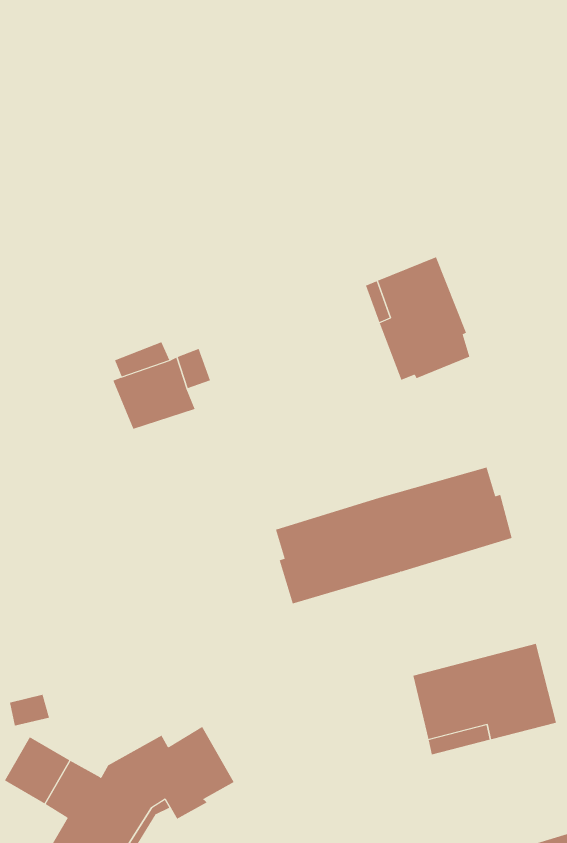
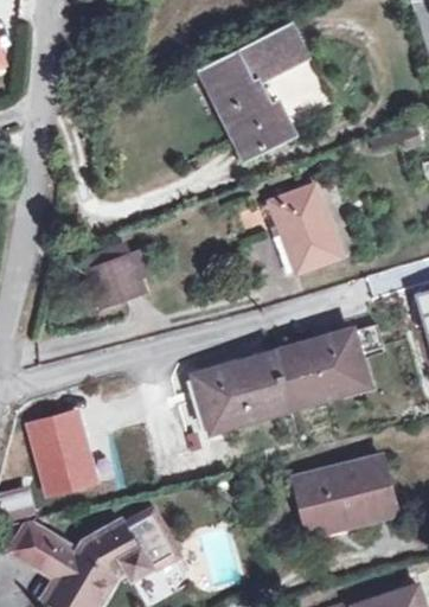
building: none -> [199,23,307,158]
building: none -> [26,410,97,496]

